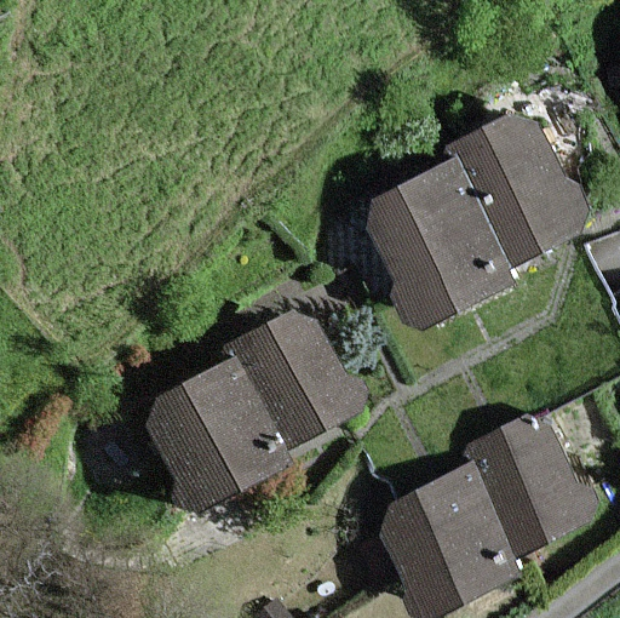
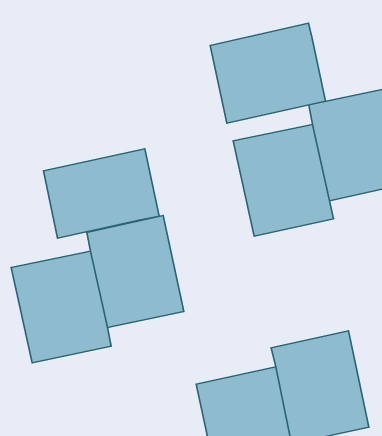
building: none -> [210,23,325,123]
building: none -> [43,149,159,238]

